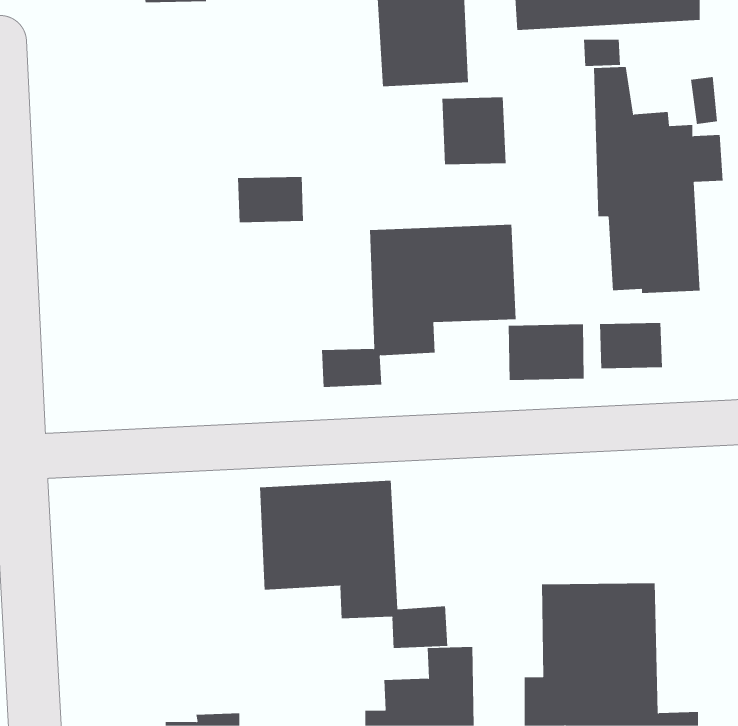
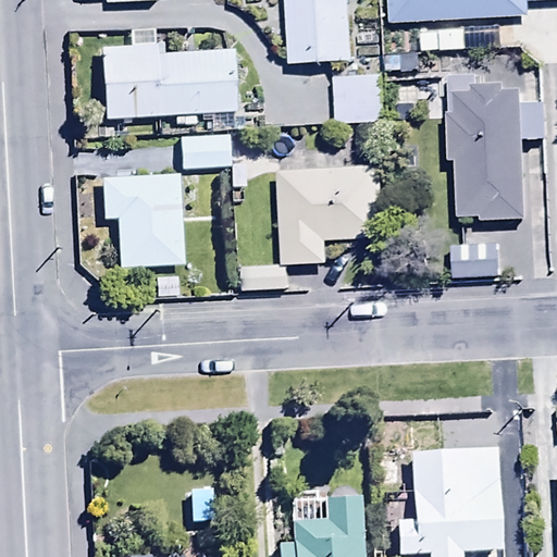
building: none -> [101,42,237,117]
building: none -> [101,173,185,270]
building: [508,323,584,381] -> none
building: [259,480,448,649] -> none

